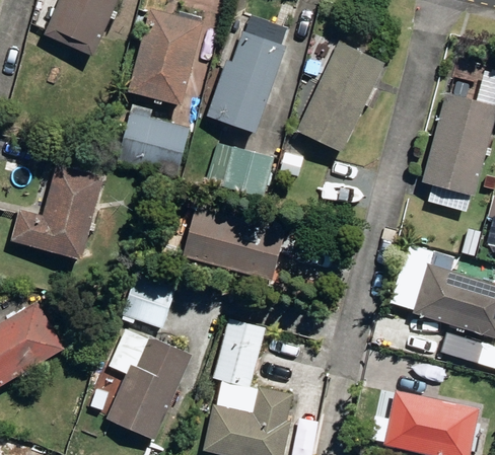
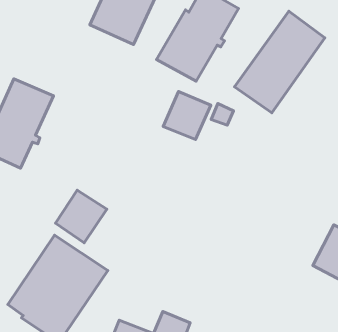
building: [120,103,191,175] -> none
building: [188,209,288,282] -> none
building: [211,317,263,385] -> none

